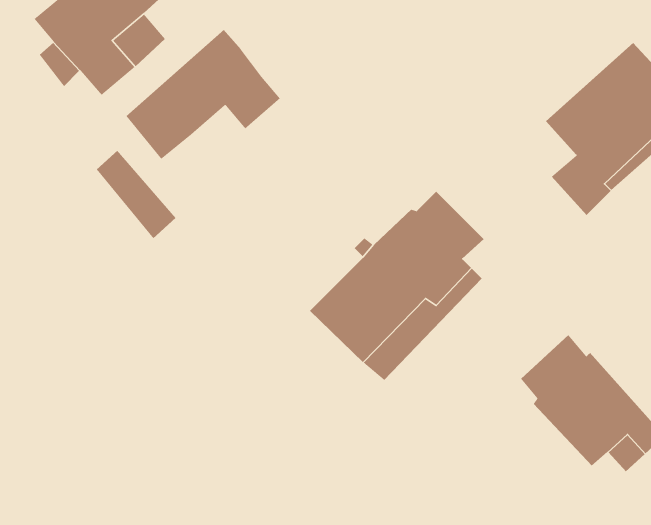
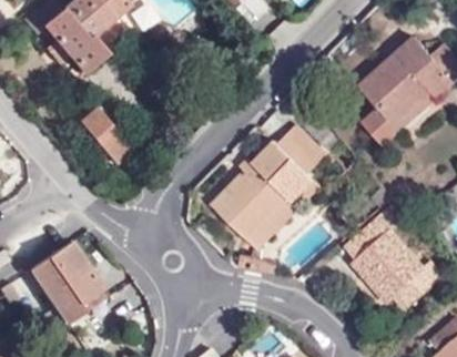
building: [125,29,281,160] -> none
building: none -> [29,242,101,323]

